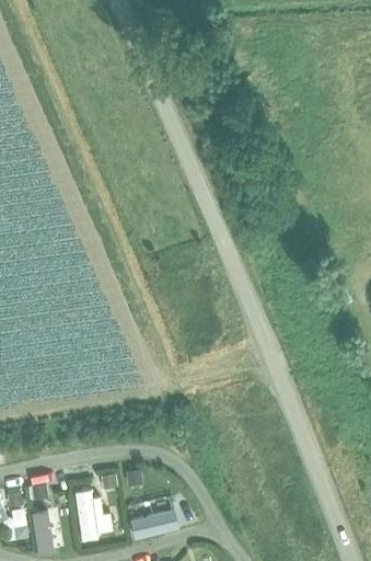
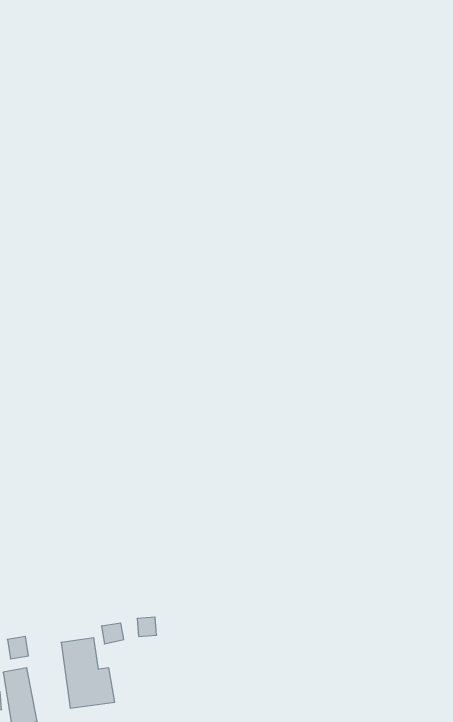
building: [125,505,179,538] -> none

